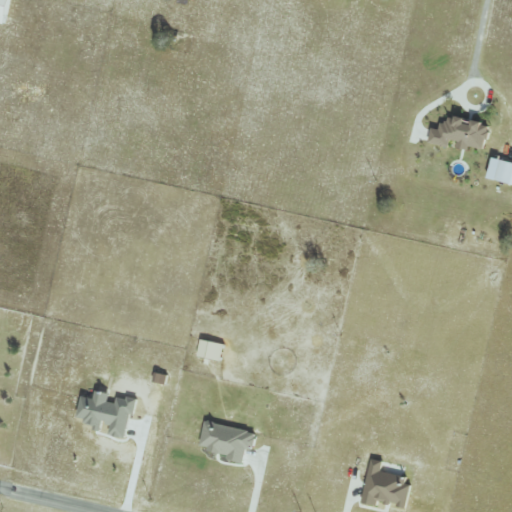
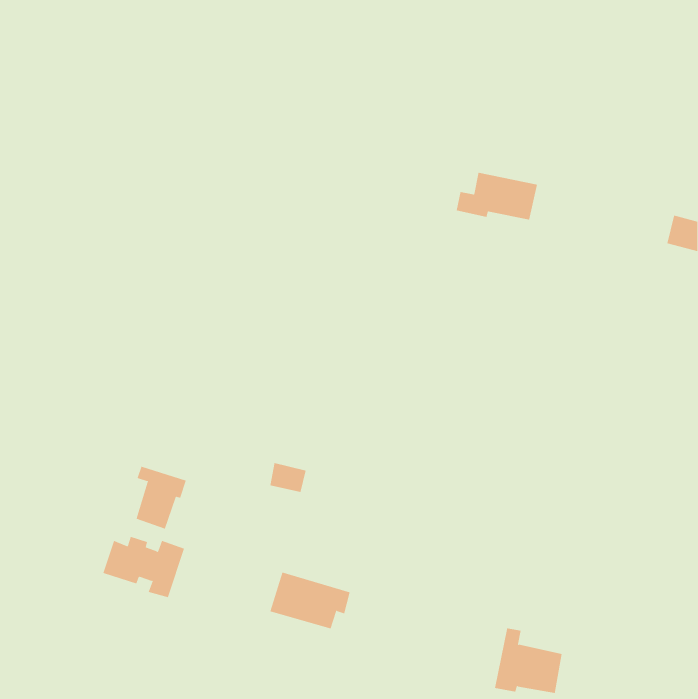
building: [428,115,488,150] -> [456,172,538,220]
building: none -> [136,466,187,530]

